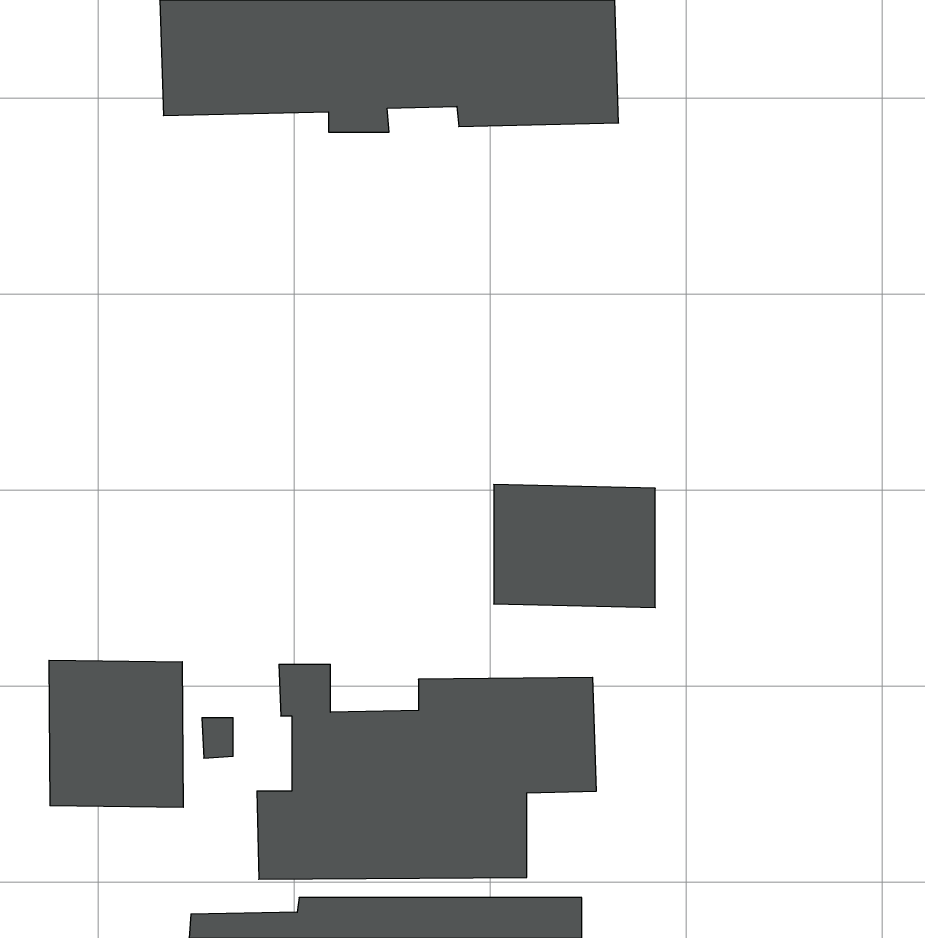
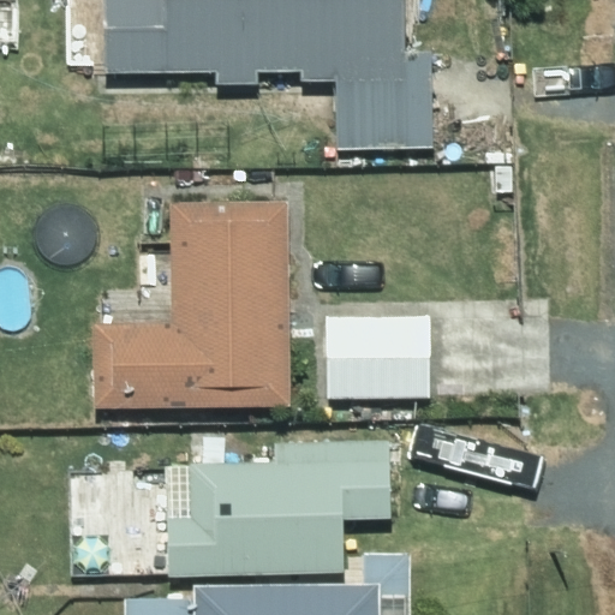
building: none -> [94,205,289,410]
building: [49,660,183,807] -> none

